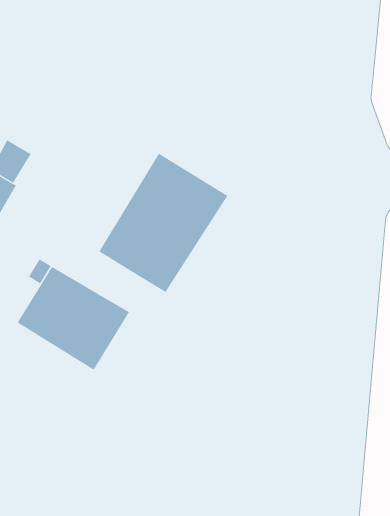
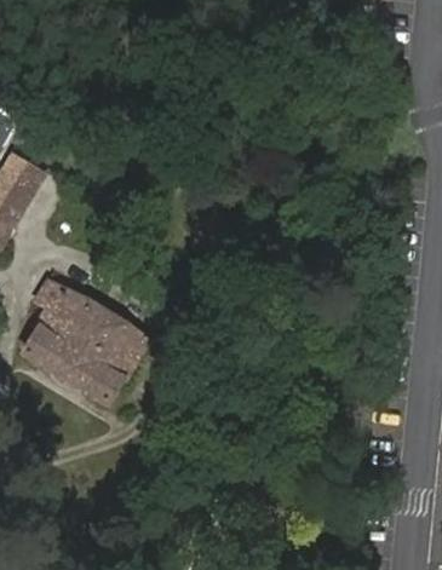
building: [99,153,228,293] -> none

